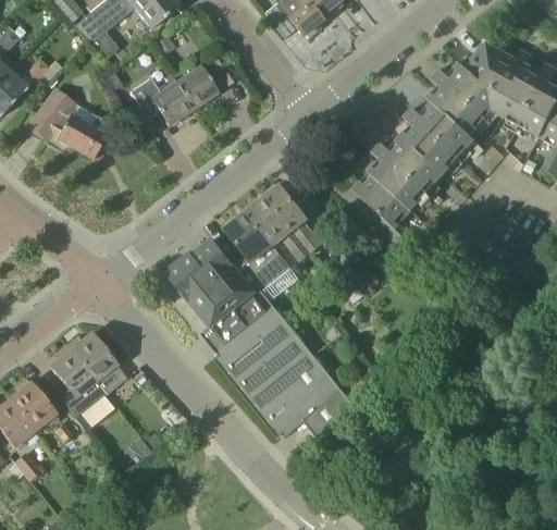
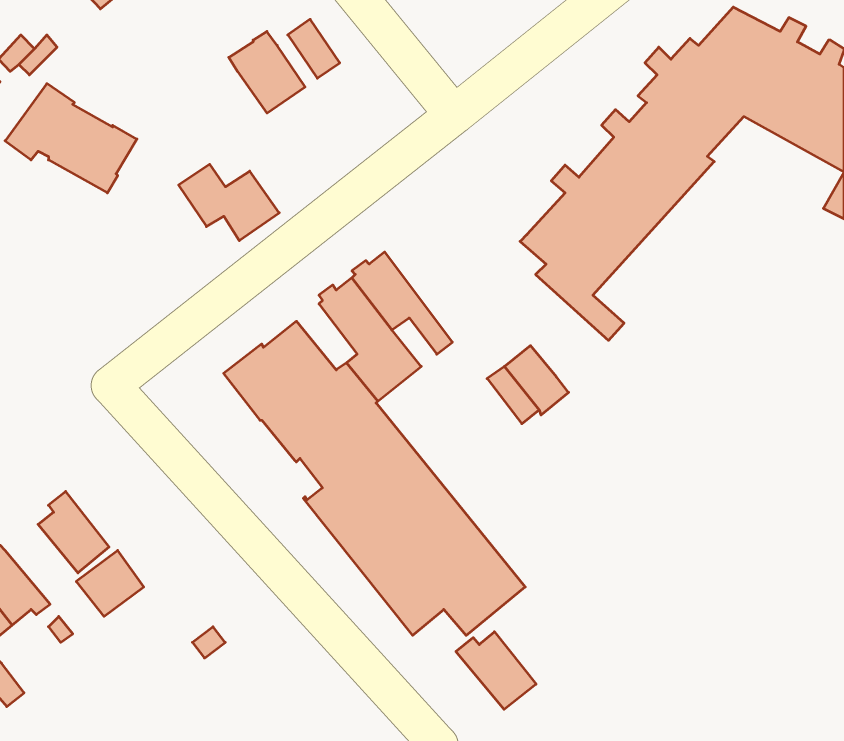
building: [129,78,193,126] -> [179,164,279,241]
building: [265,185,320,252] -> none
building: [66,334,114,381] -> none
building: none -> [456,632,536,709]

